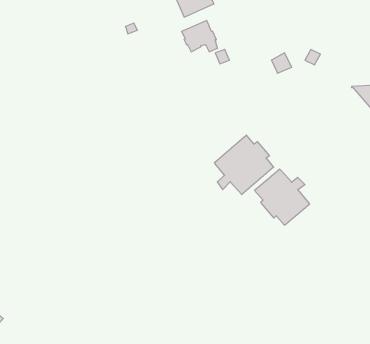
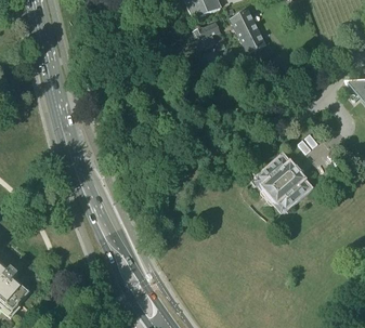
building: none -> [230,10,263,53]
building: [214,135,274,195] -> none

